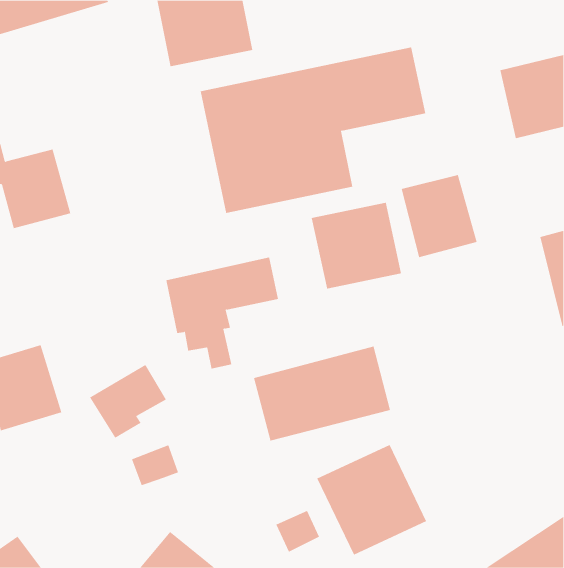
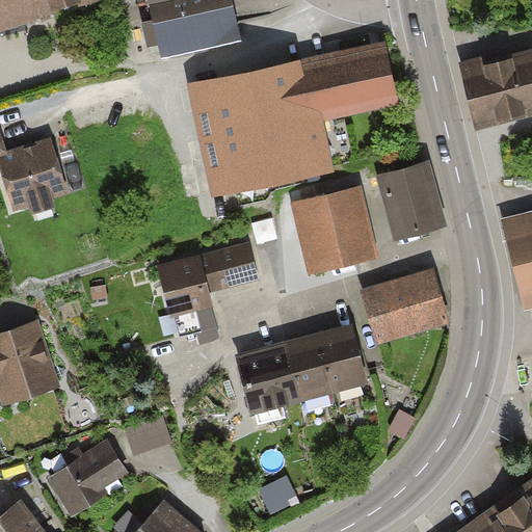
building: none -> [362,270,448,339]
building: [89,364,167,439] -> [51,442,124,511]
building: [317,444,427,556] -> none

